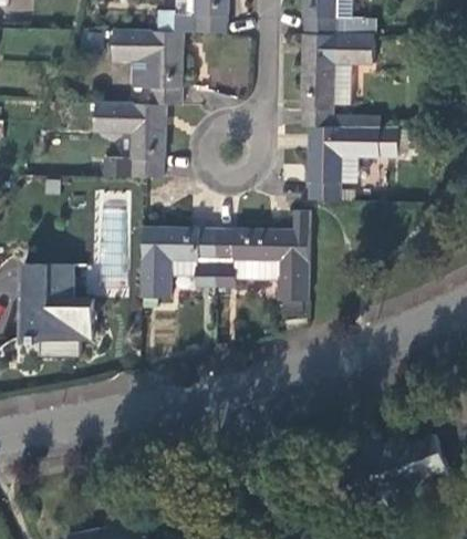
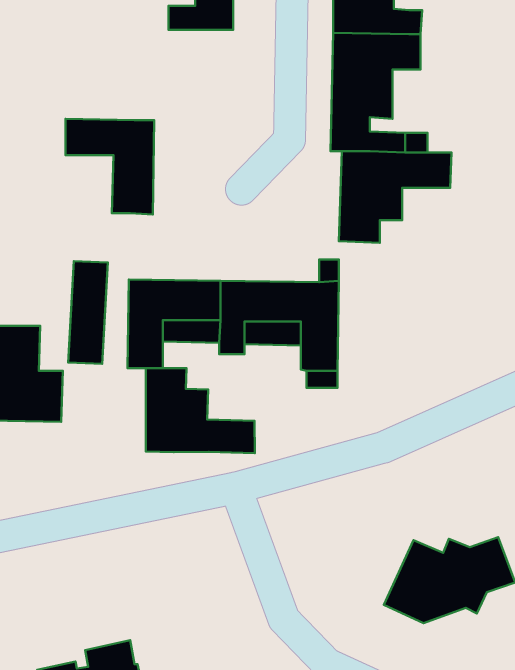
building: [113,31,183,103] -> none
building: none -> [146,368,255,453]

